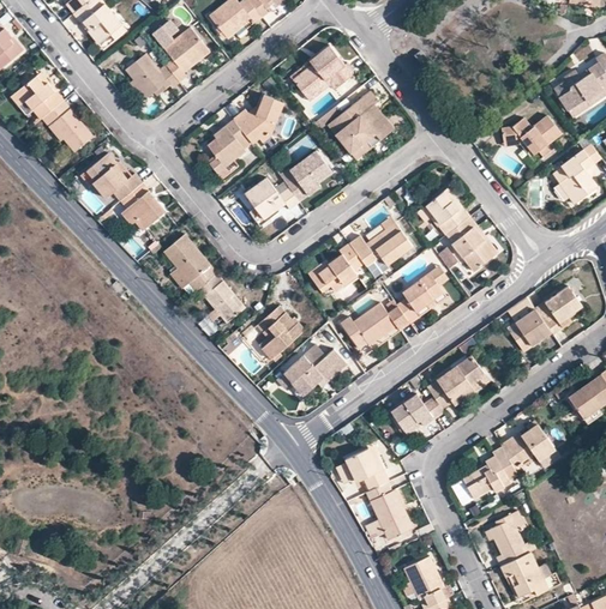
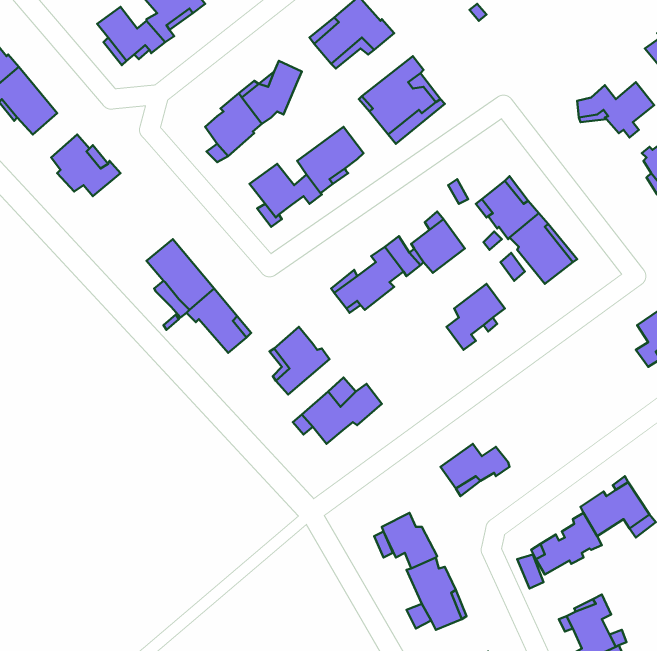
building: [121,183,167,228] -> none
building: [353,301,410,343] -> none
building: [508,309,552,351] -> none
building: [428,355,486,409] -> none

